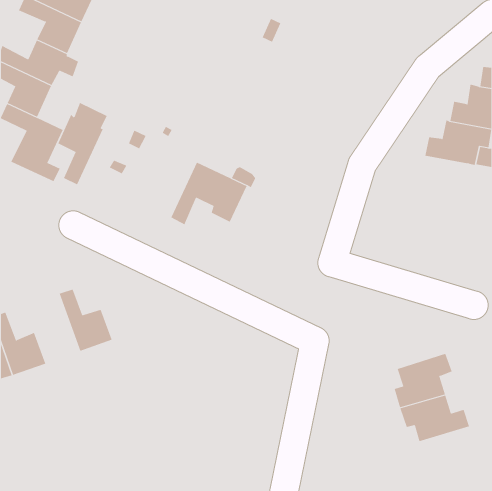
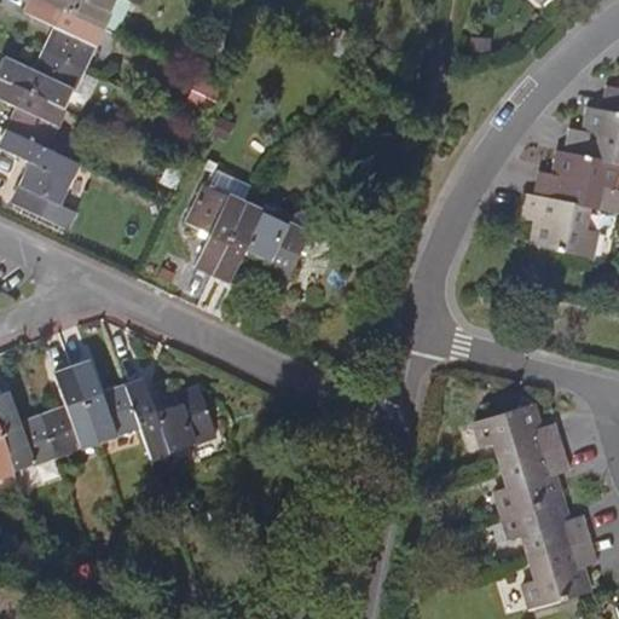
building: [57,102,107,185] -> [189,169,251,273]
building: none -> [519,192,595,254]
building: none -> [44,369,100,457]
building: none -> [127,381,219,463]
building: none -> [473,401,560,463]
building: none -> [522,536,597,606]

